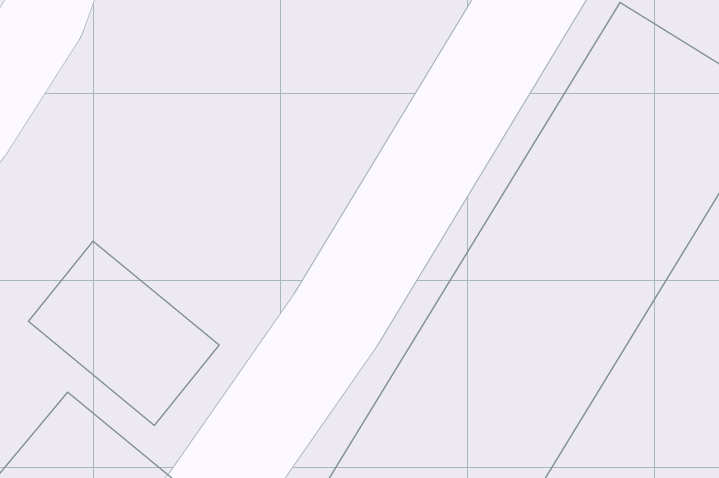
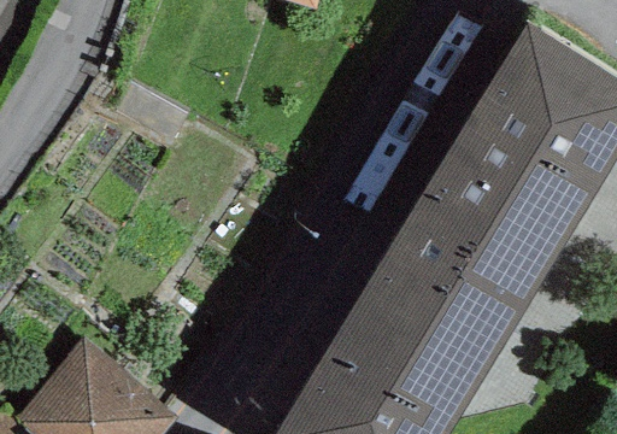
building: [28,241,219,425] -> none

